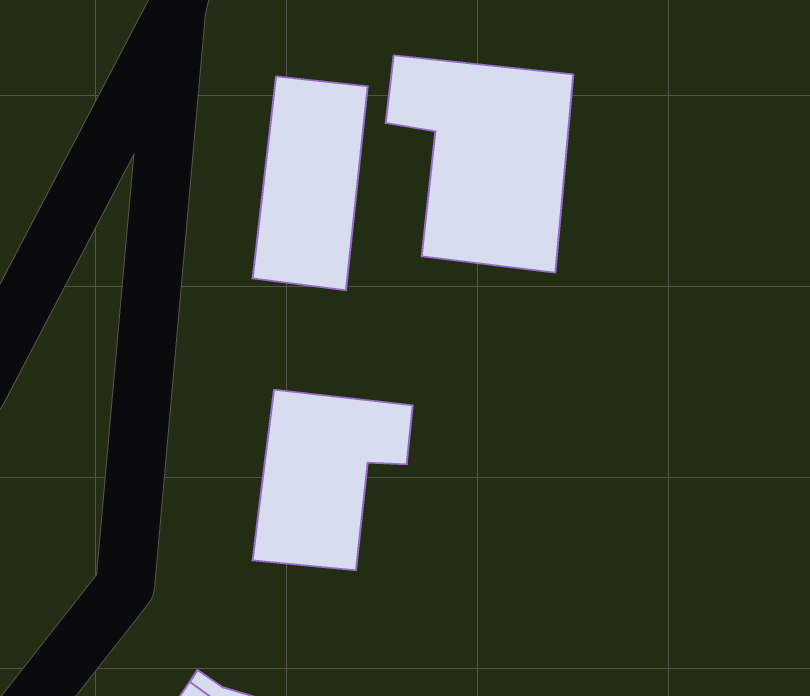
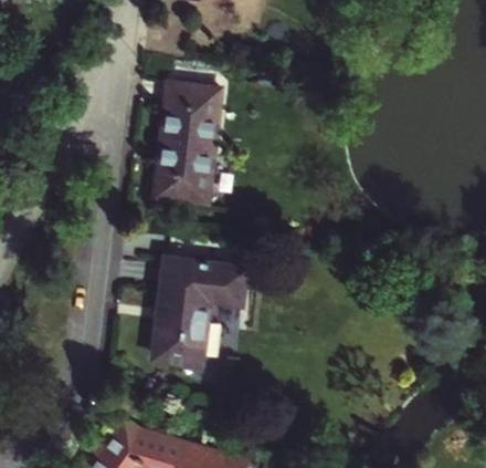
building: [386,55,573,273] -> none

